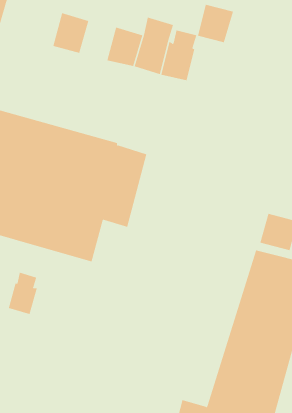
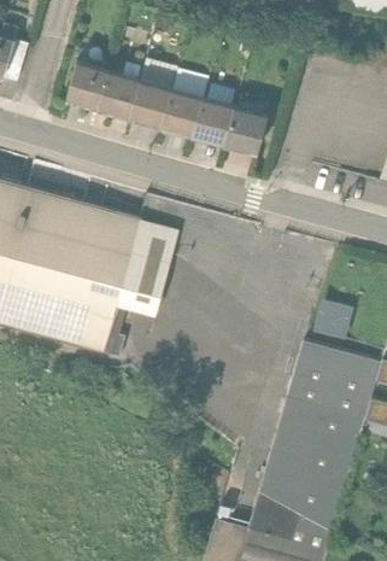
building: [197,4,234,43] -> [224,103,268,148]
building: none -> [98,69,140,116]
building: [8,272,38,315] -> none

